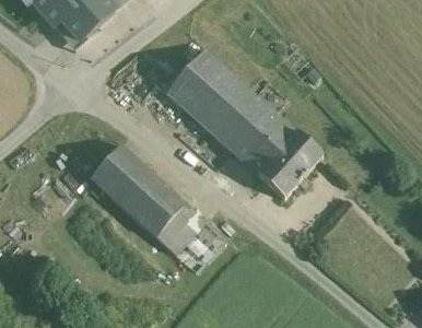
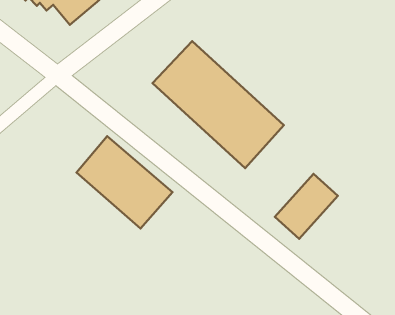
building: [258,133,320,198] -> [275,174,338,239]
building: [154,200,207,255] -> none

